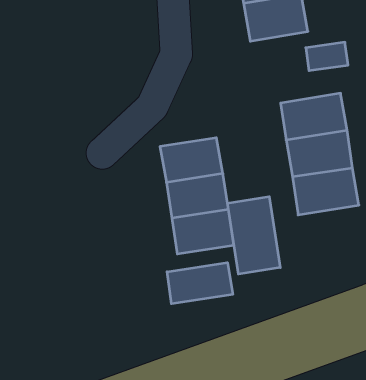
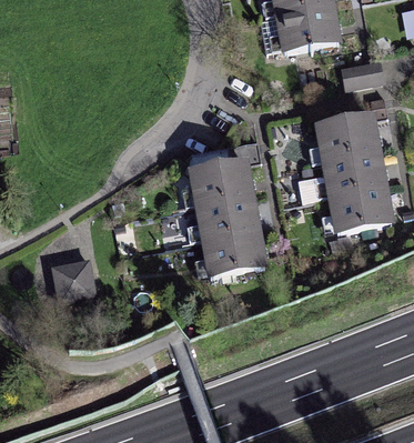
building: [227,197,280,274] -> none
building: none -> [49,254,95,301]
building: [167,263,233,304] -> none

